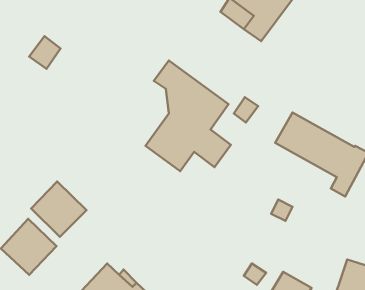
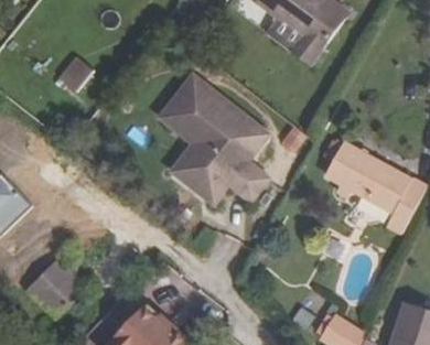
building: none -> [163,75,208,177]
building: [31,181,87,237] -> none

